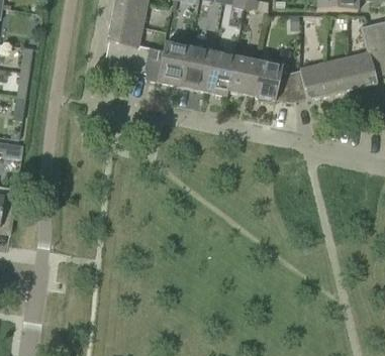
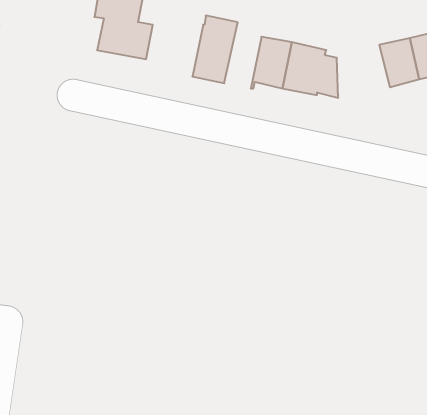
building: [146,41,189,86] -> none
building: [205,44,233,95] -> none
building: [291,62,331,102] -> none

